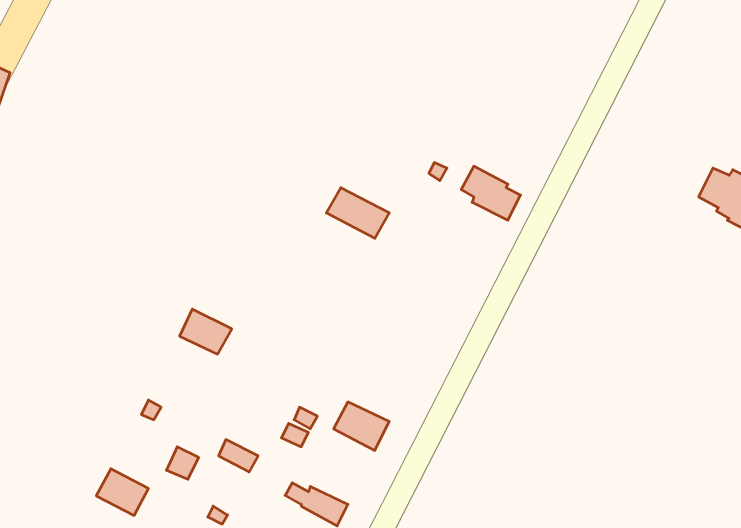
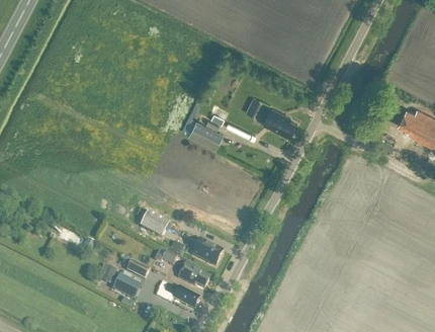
building: [180,309,232,354] -> [139,211,168,236]
building: none -> [176,260,208,286]
building: [96,469,148,515] -> [110,272,140,299]

